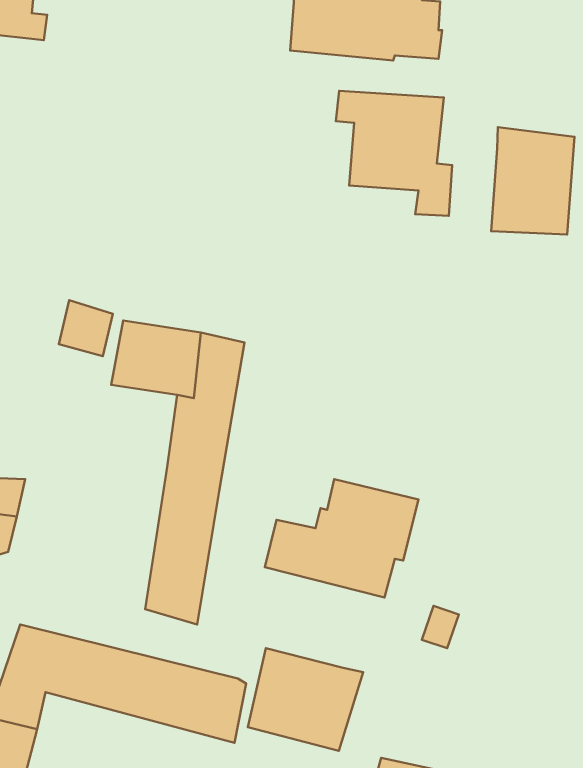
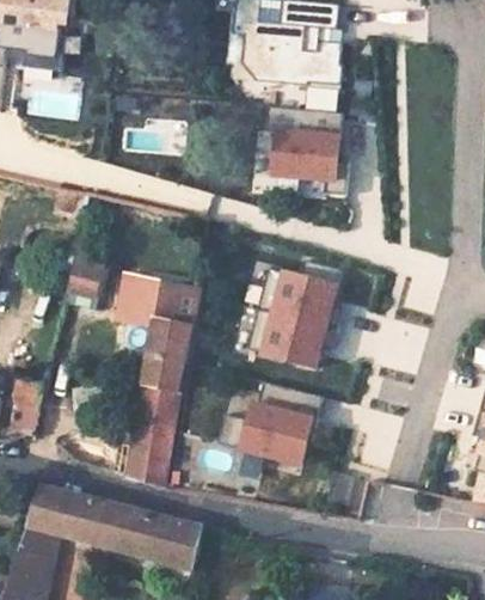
building: [491,127,574,234] -> none
building: none -> [246,269,336,367]
building: [248,648,363,751] -> none

